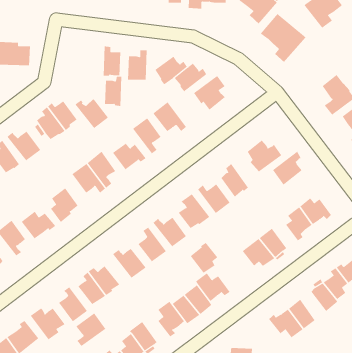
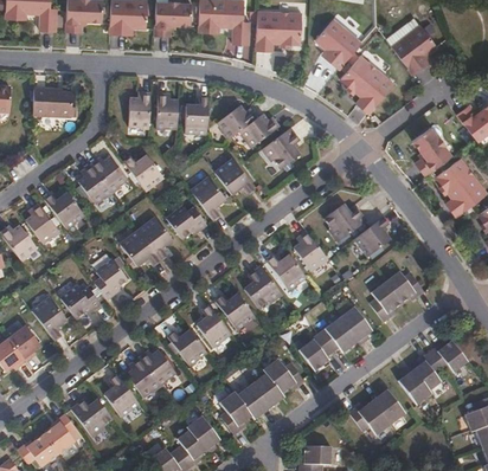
building: [104,76,122,106] -> [128,93,149,129]
building: [190,242,218,273] -> [300,334,333,370]
building: [76,313,106,347] -> none

